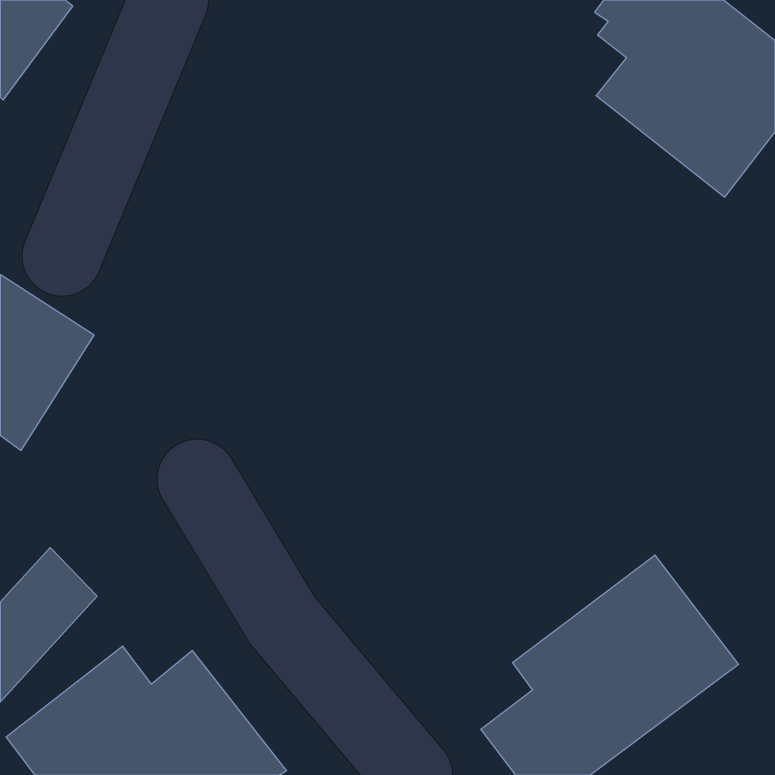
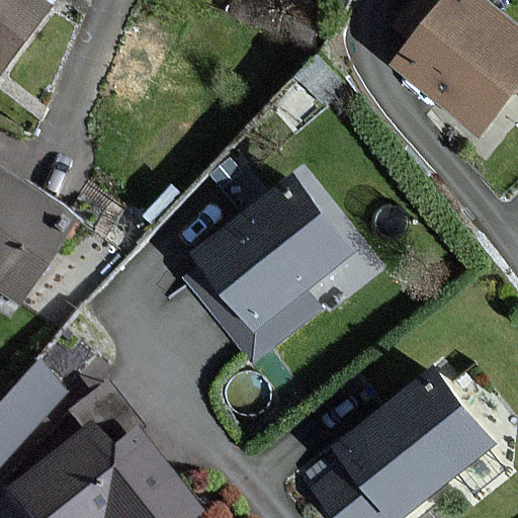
building: none -> [194,177,354,354]

